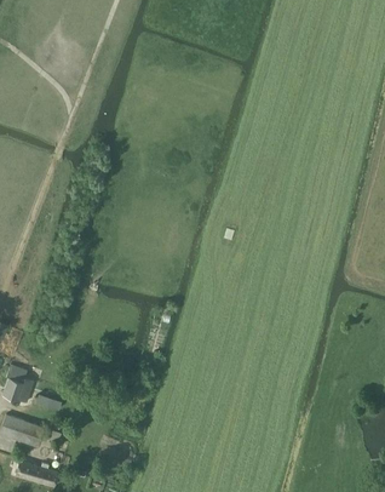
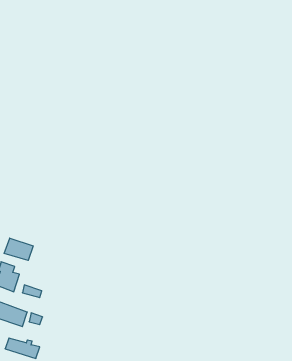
building: none -> [4,238,33,260]

